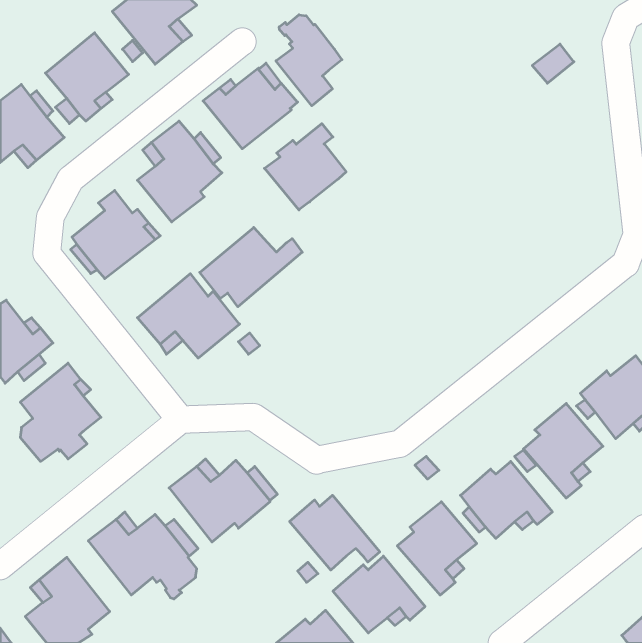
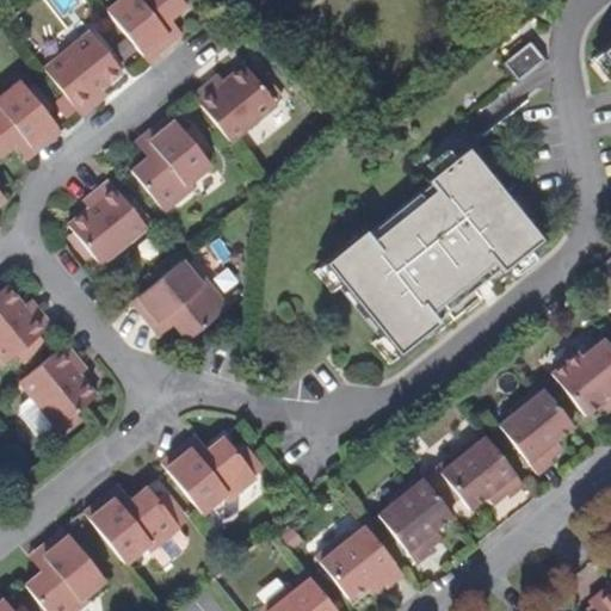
building: [276,15,342,106] -> none
building: [264,124,346,210] -> none
building: none -> [327,147,544,354]
building: [200,227,302,307] -> none
building: [290,495,380,570] -> none

